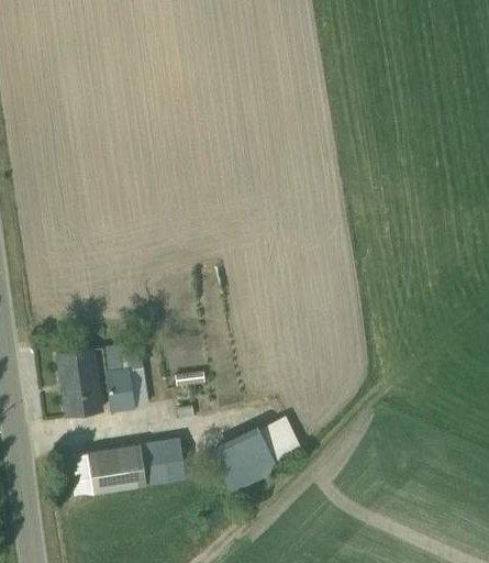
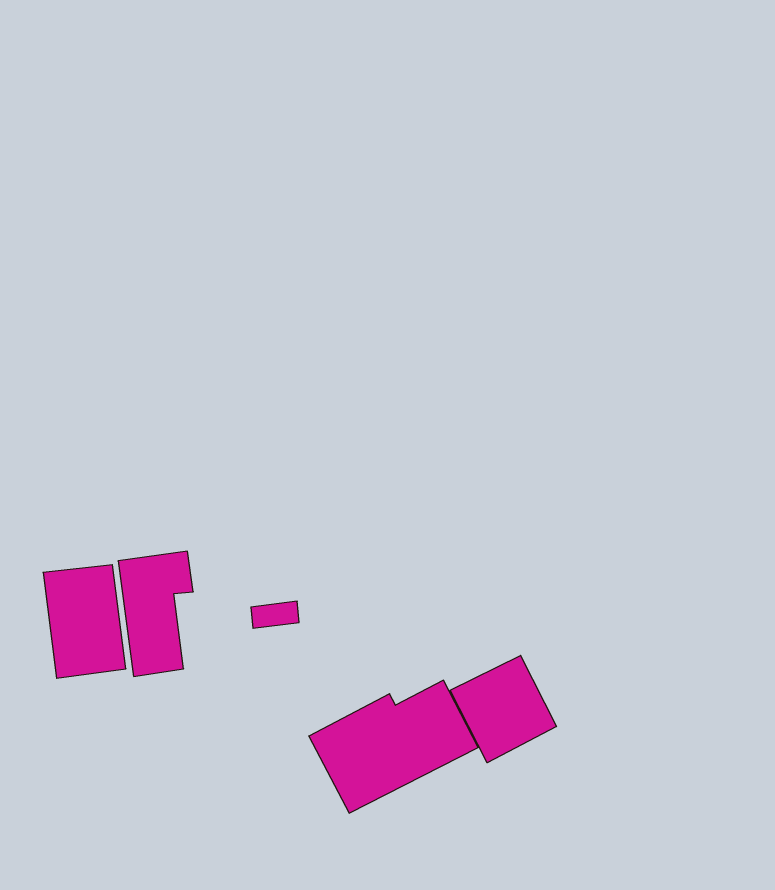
building: none -> [450,655,556,763]
building: [66,439,187,495] -> none

